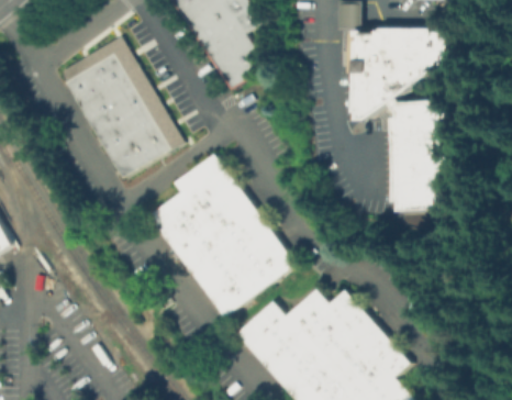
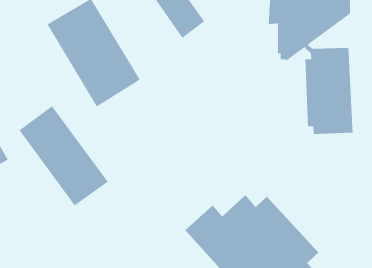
building: [152,154,297,319] -> none
building: none -> [18,105,109,207]

